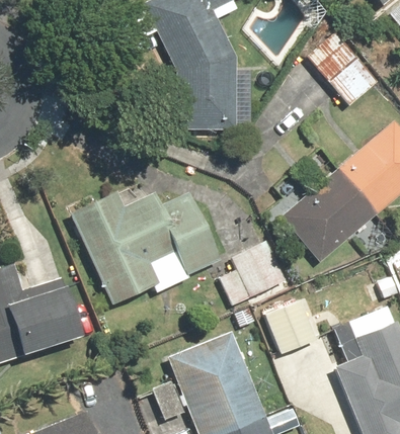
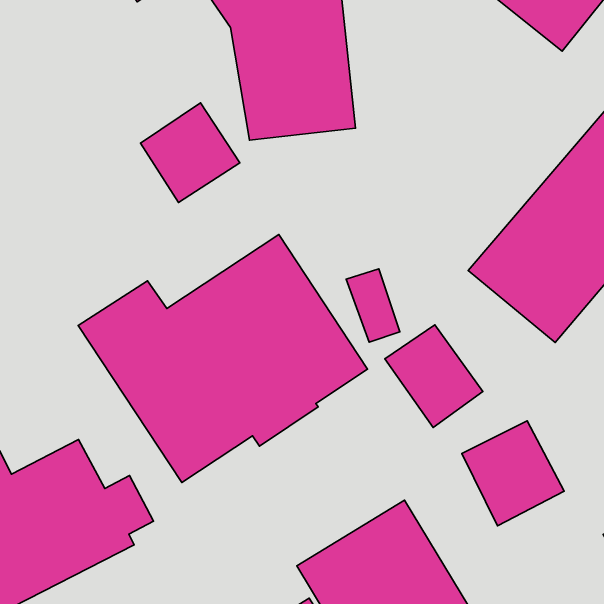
building: none -> [140,103,240,202]

